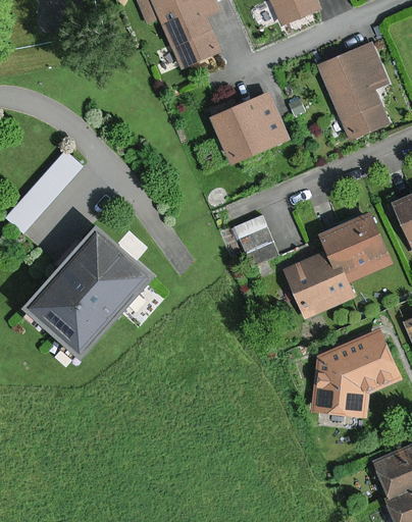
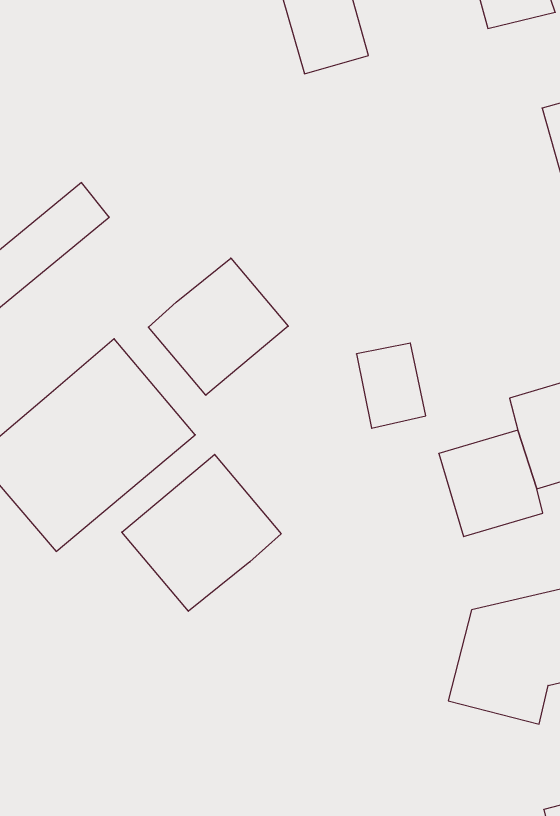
building: [212,94,286,161] -> none
building: none -> [148,258,288,395]
building: none -> [122,454,281,611]

